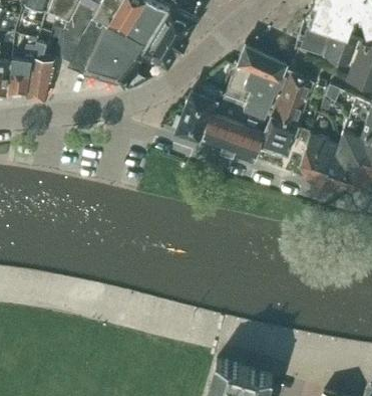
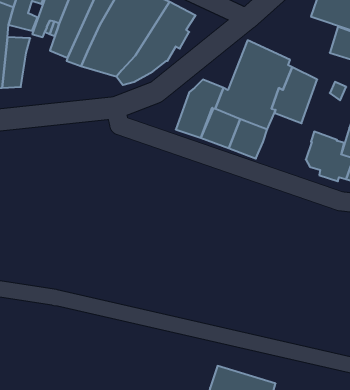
building: [295,23,328,56] -> none
building: [24,40,54,100] -> none
building: [259,117,309,155] -> none

